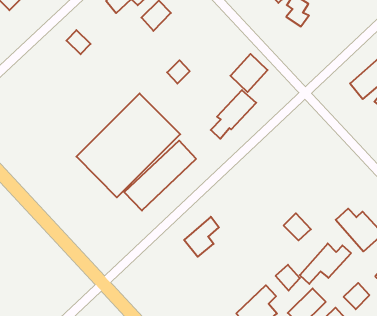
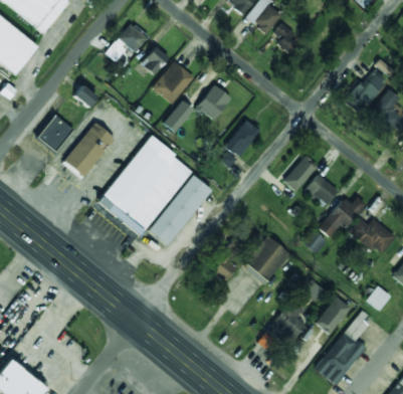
building: none -> [152,60,194,104]
building: [230,54,268,92] -> [196,84,230,121]
building: none -> [36,115,72,152]
building: none -> [63,122,115,177]
building: none -> [282,155,317,191]
building: none -> [306,174,338,205]
building: none -> [246,236,289,281]
building: [300,243,351,284] -> [320,196,365,236]

